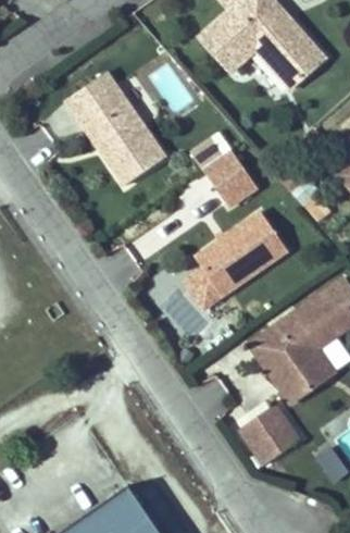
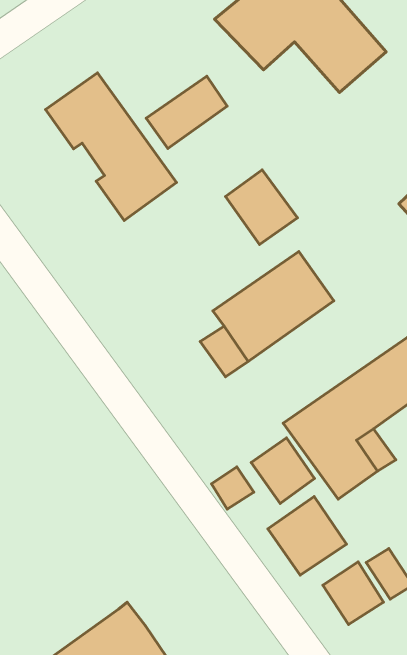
building: none -> [146,76,227,149]
building: none -> [251,438,315,503]
building: none -> [323,562,383,624]

